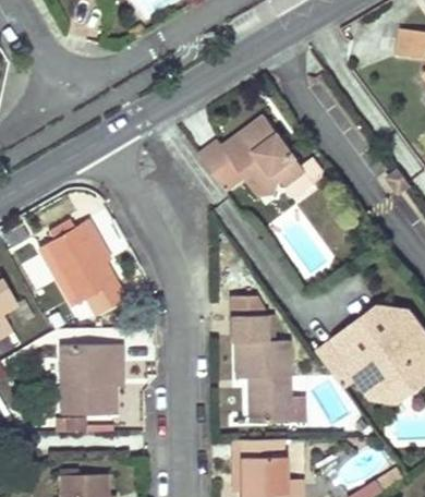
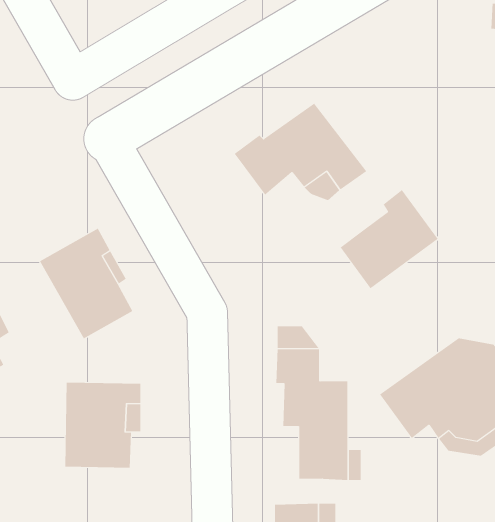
building: none -> [340,189,439,289]

